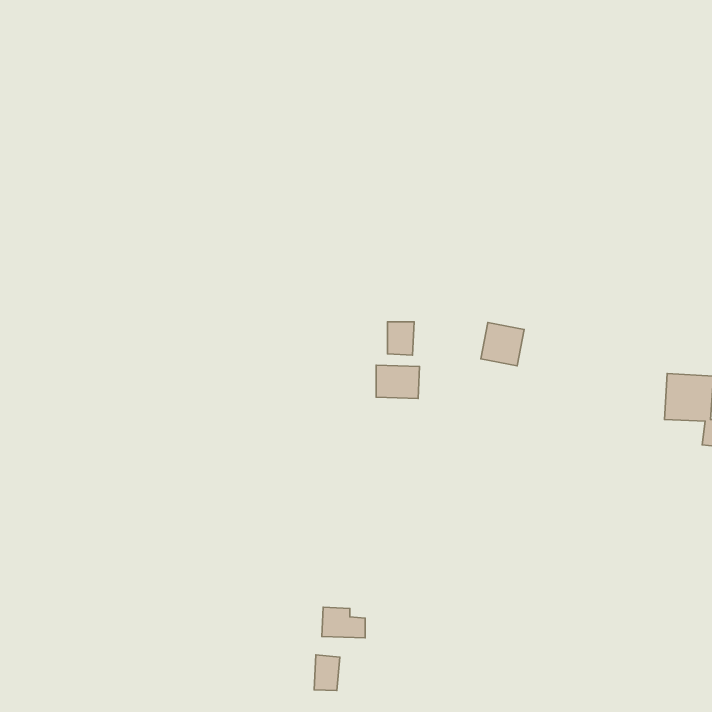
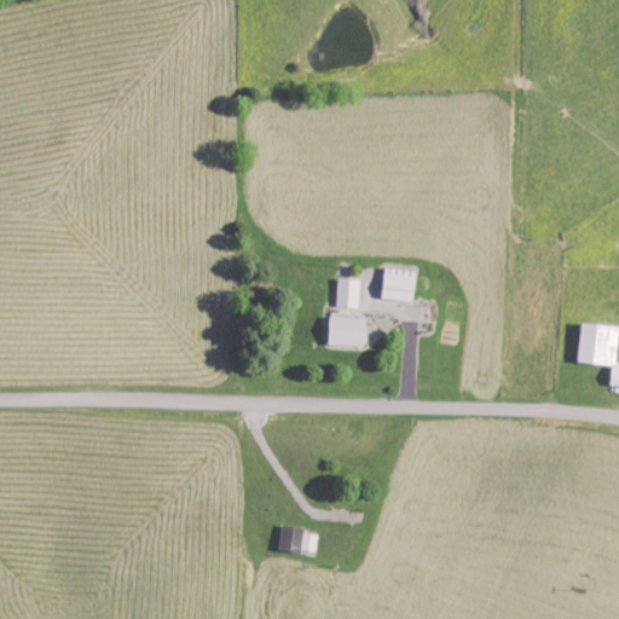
building: [481,323,524,366] -> [380,265,417,302]
building: [314,655,340,690] -> none

